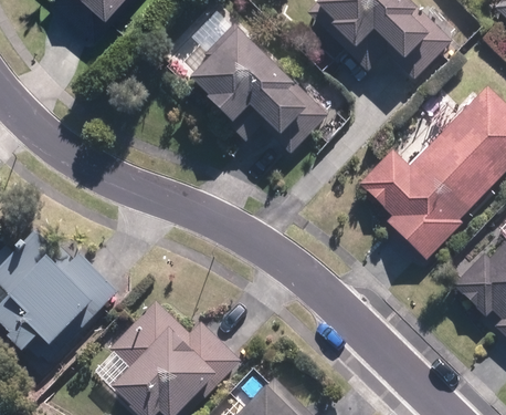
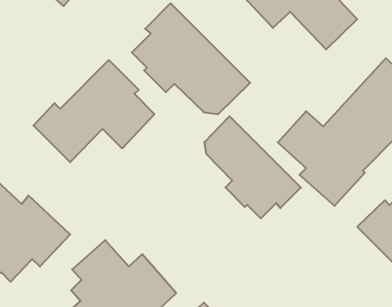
building: none -> [33,60,154,162]
building: none -> [204,116,301,218]

